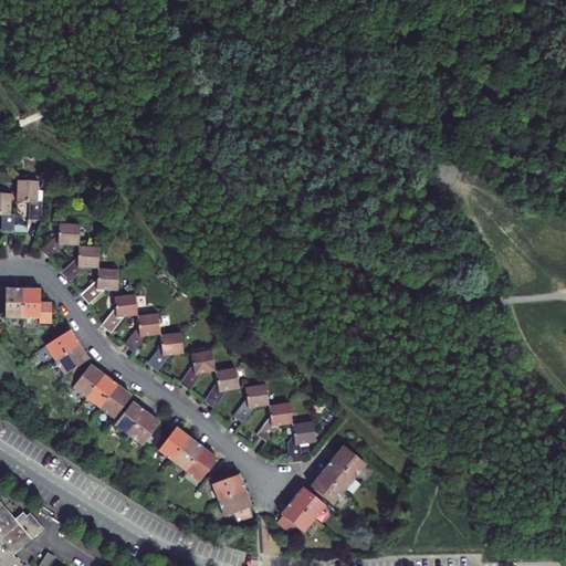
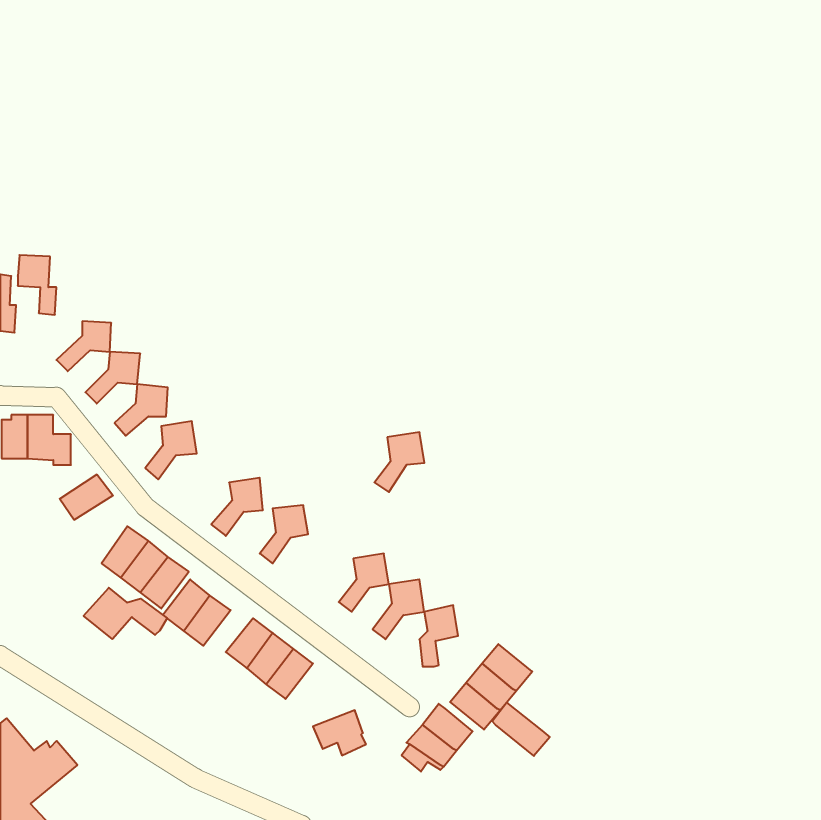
building: [125,312,159,350] -> none
building: [53,343,88,375] -> none
building: [205,366,239,407] -> [374,432,424,492]
building: none -> [84,588,167,639]
building: [211,472,245,501] -> none
building: none -> [492,703,550,756]

